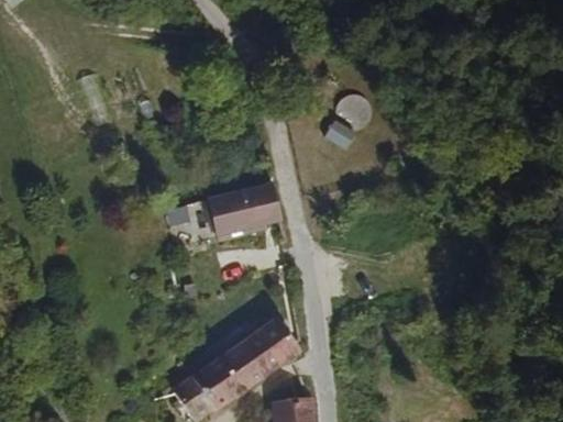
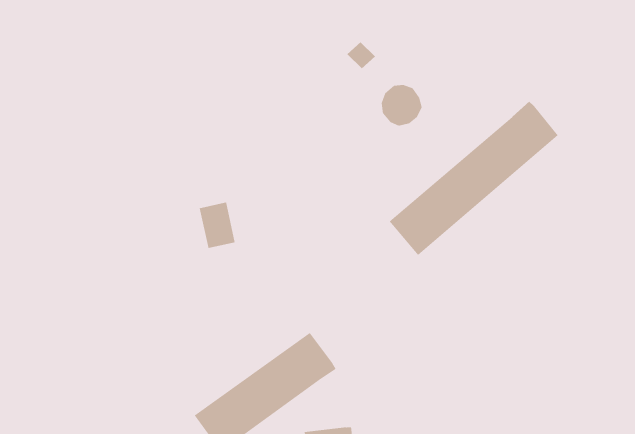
building: none -> [389,101,559,256]
building: [207,182,282,237] -> none

